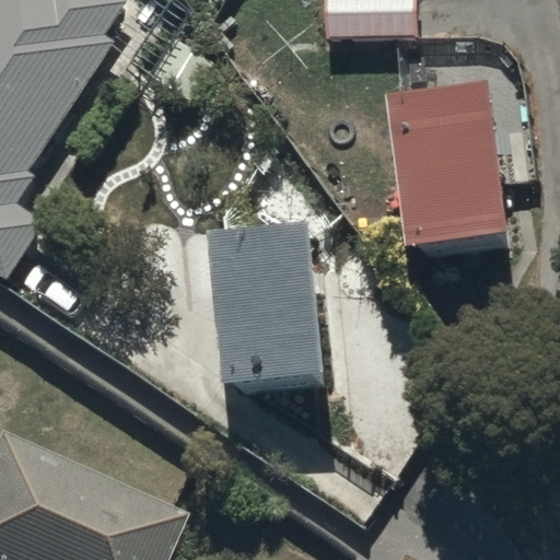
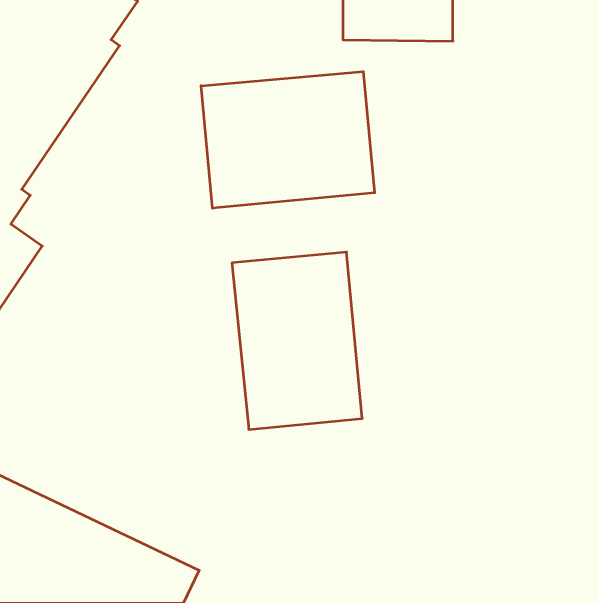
building: none -> [201,72,375,208]
building: [387,90,511,255] -> none

